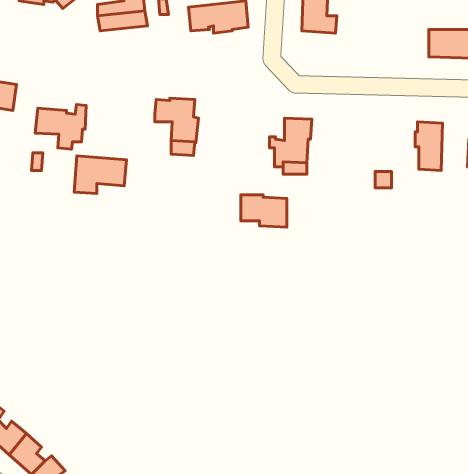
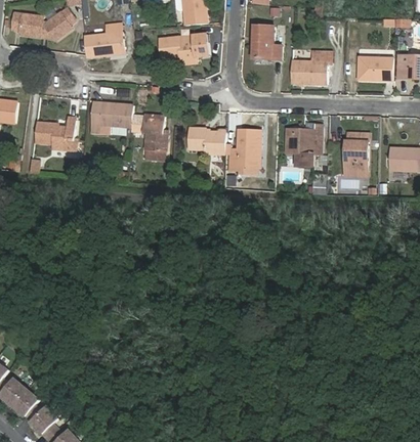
building: none -> [290,50,332,83]
building: none -> [285,124,321,166]
building: [74,156,127,193] -> [90,101,133,132]
building: [241,195,287,227] -> [187,127,225,153]

